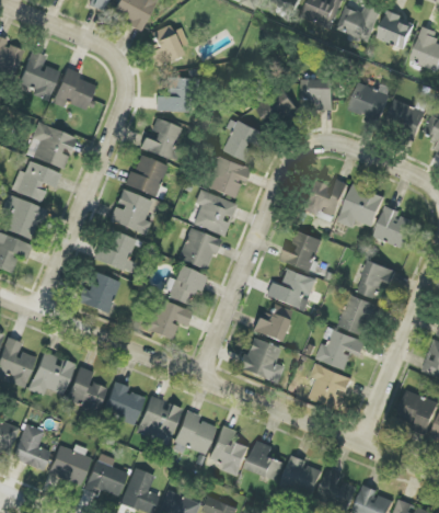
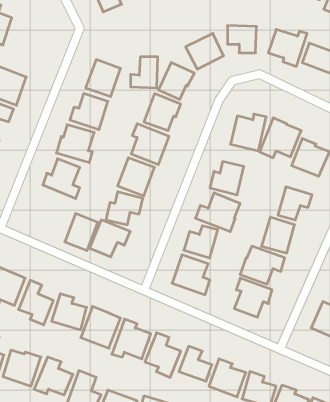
building: [51,67,96,109] -> none
building: [155,76,186,111] -> [131,57,158,88]
building: [81,272,118,314] -> [65,214,98,251]

